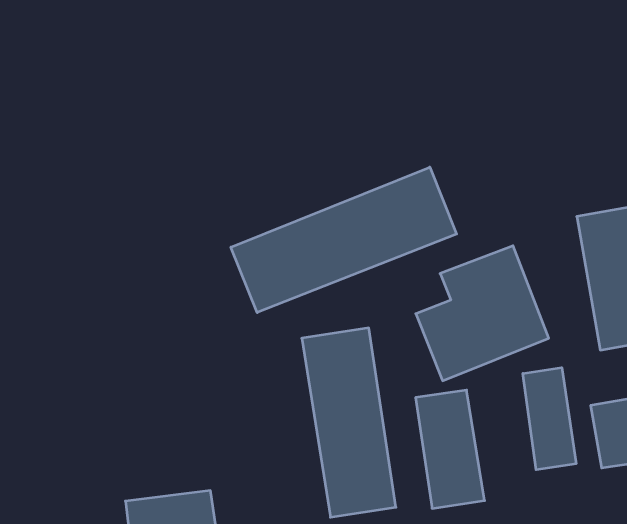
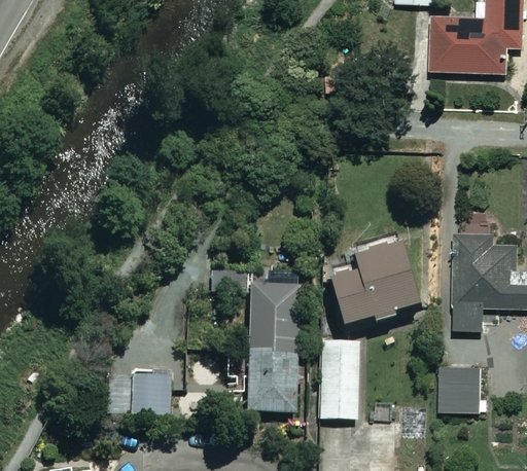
building: [231,167,457,313] -> none
building: [523,368,576,470] -> none

